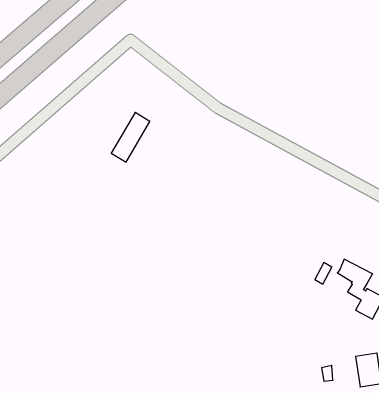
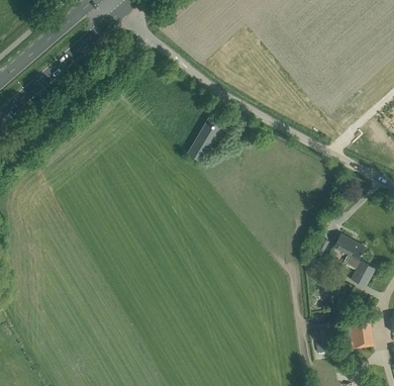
building: [111,112,150,162] -> [188,117,222,162]

